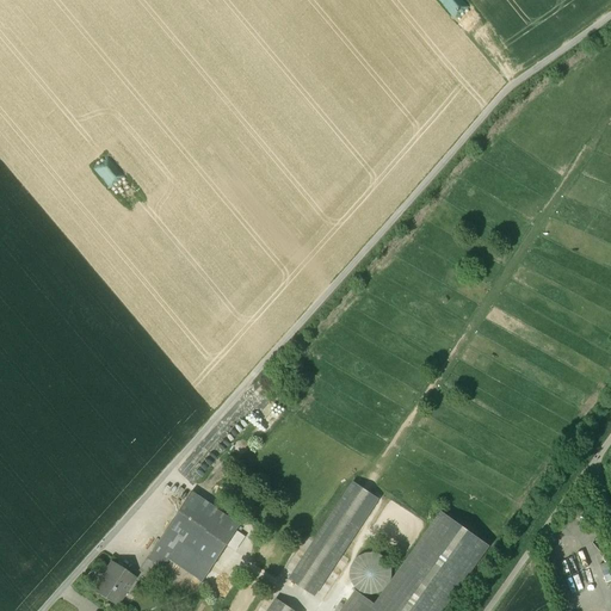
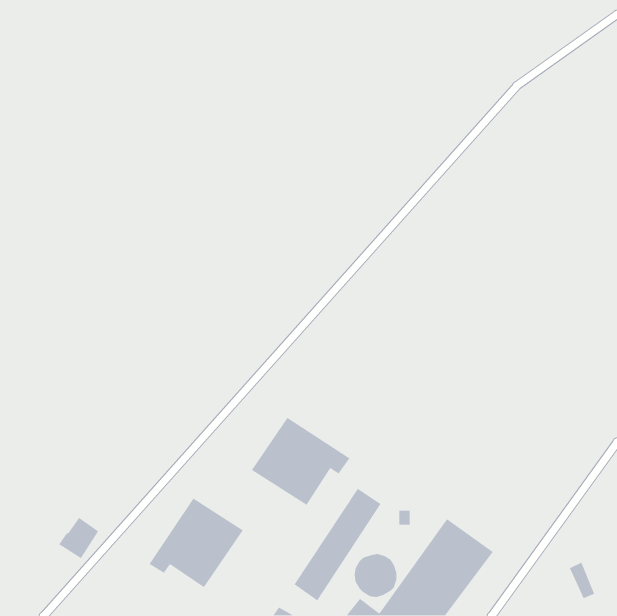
building: none -> [251,417,350,506]
building: [93,562,134,604] -> [58,517,99,559]

